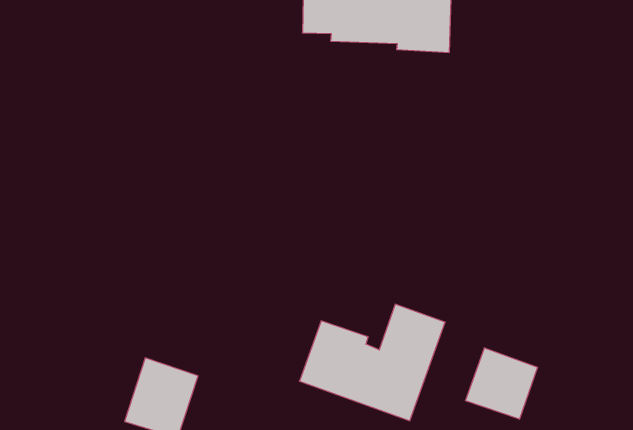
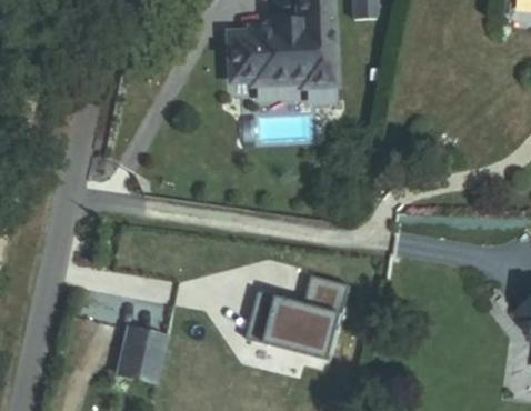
building: [465,348,538,419] -> none

